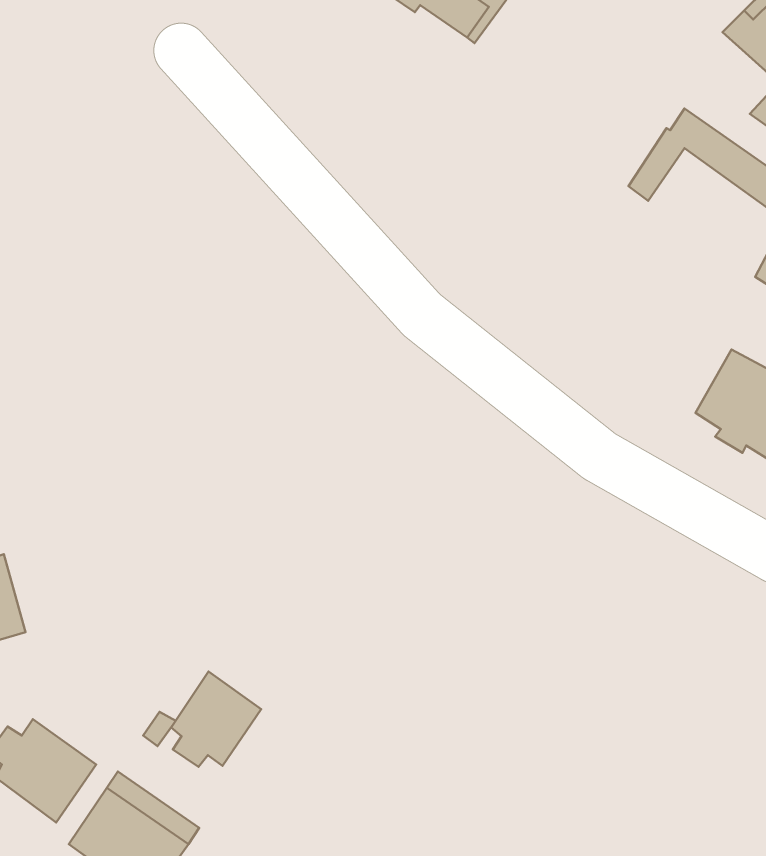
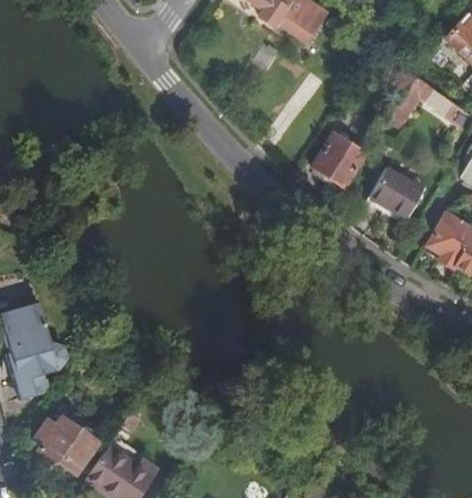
building: none -> [312,133,365,186]
building: none -> [367,162,423,217]
building: [171,672,261,767] -> none

